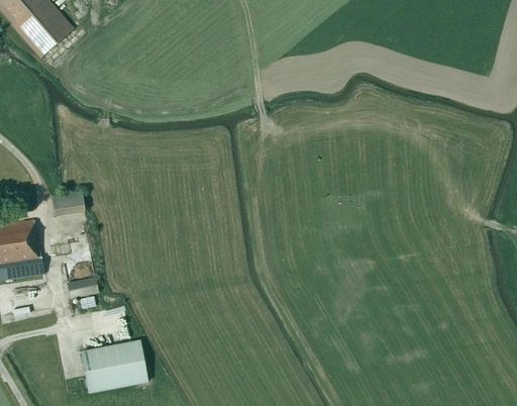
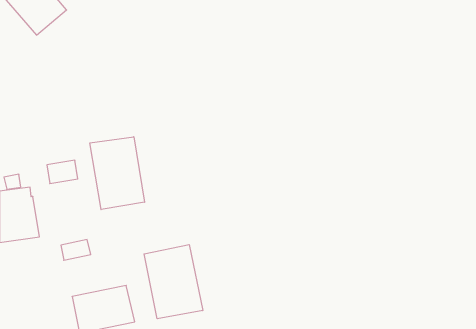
building: none -> [90,137,145,210]
building: none -> [144,245,203,319]

